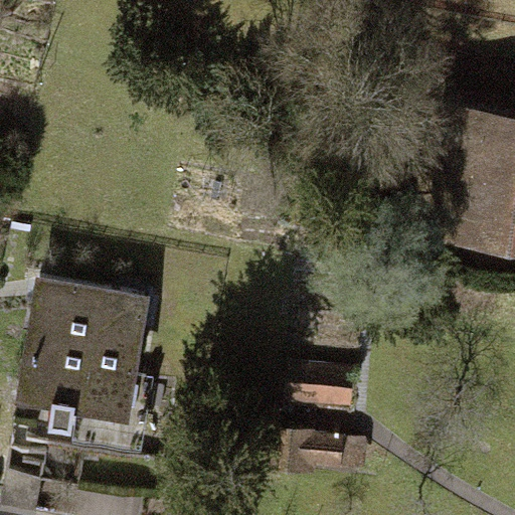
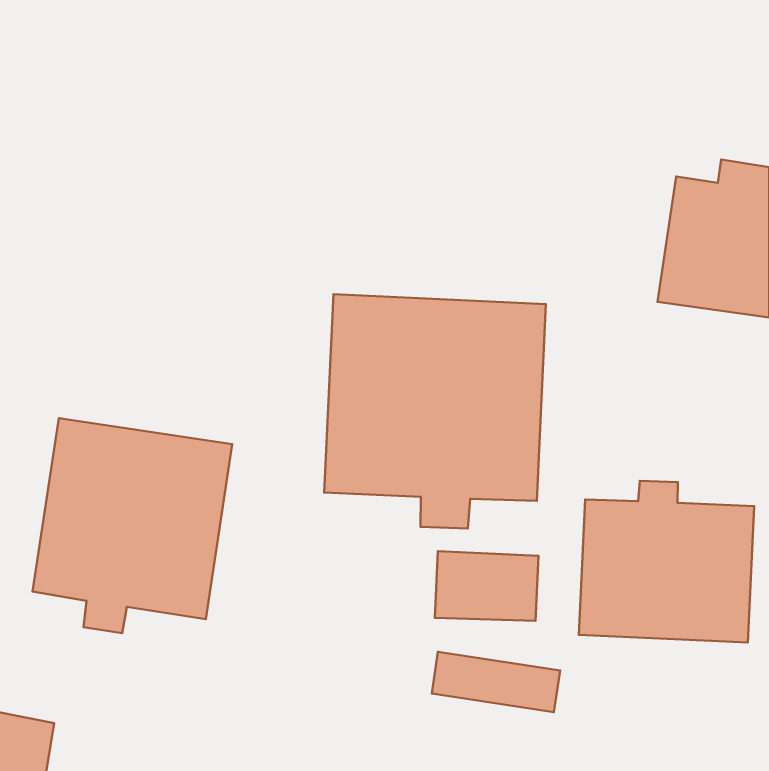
building: none -> [324,294,546,529]
building: none -> [579,481,754,642]

